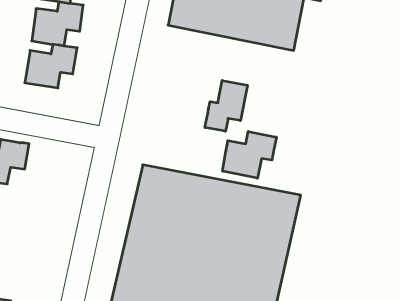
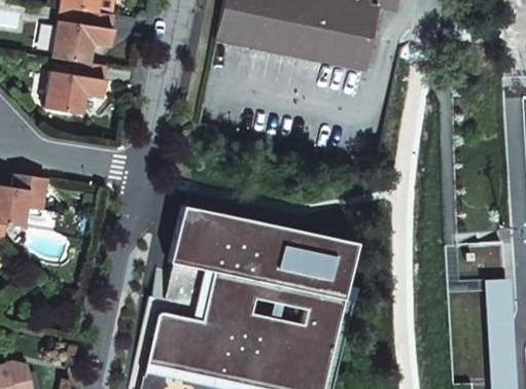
building: [205,80,247,131] -> none
building: [223,131,276,178] -> none

